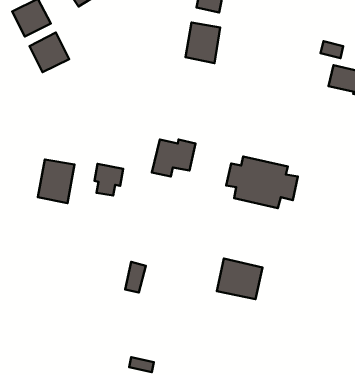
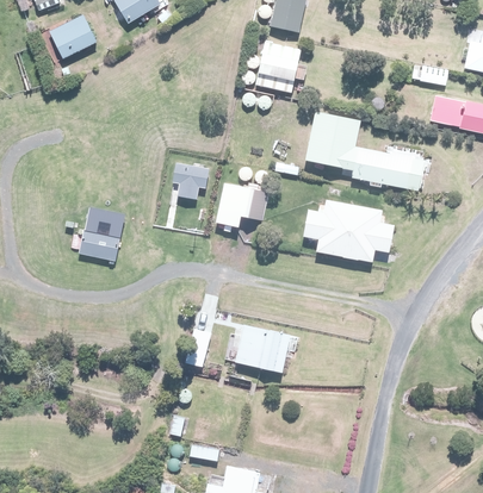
building: [30,33,69,72] -> none
building: none -> [309,110,422,192]
building: [94,164,123,196] -> [173,161,208,199]
building: [217,259,262,299] -> [237,323,292,372]

